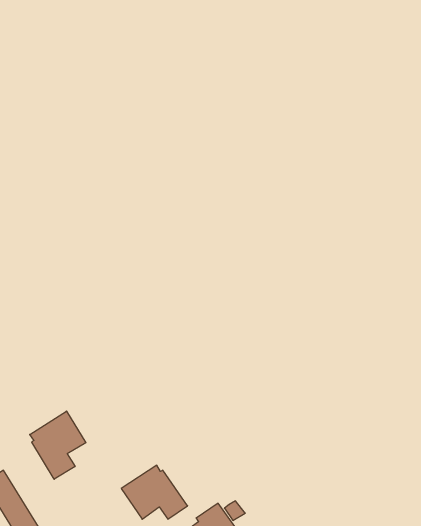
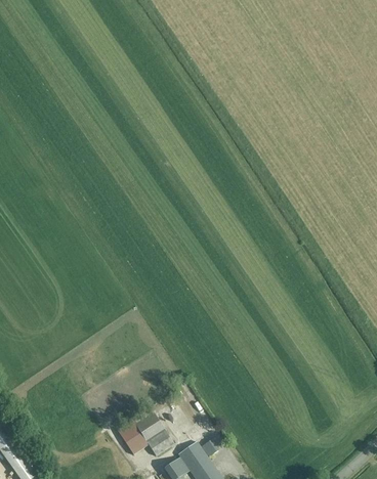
building: [30,411,86,479] -> none

